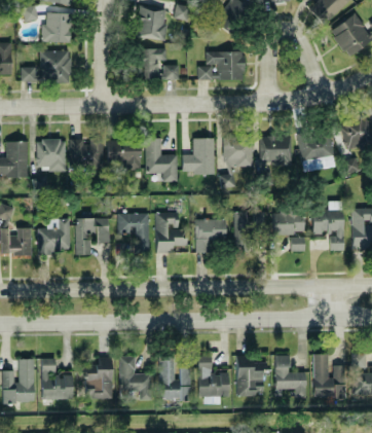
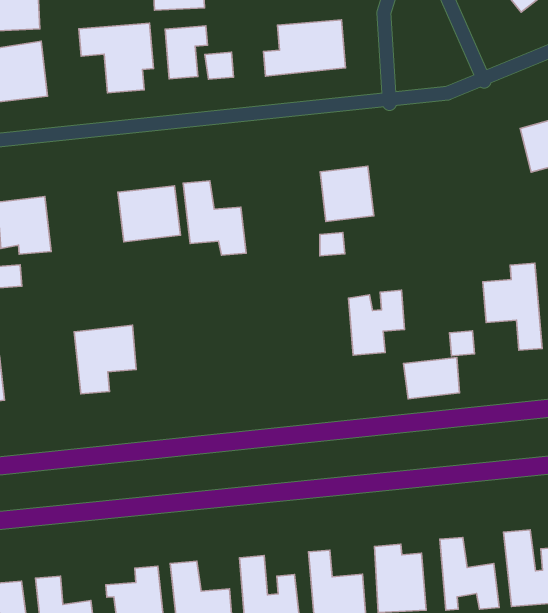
building: none -> [79,23,153,93]
building: [300,134,334,170] -> none
building: [260,136,291,166] -> none
building: [70,139,104,169] -> none
building: [183,139,215,174] -> none
building: [155,213,186,254] -> none
building: [273,213,304,234] -> [404,357,460,399]
building: [118,214,149,252] -> none
building: [38,219,70,254] -> none
building: [195,219,226,254] -> none

